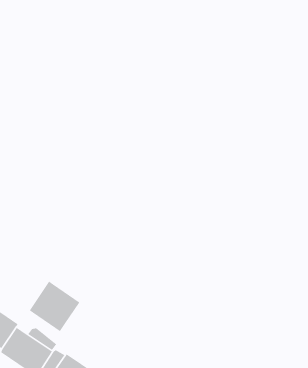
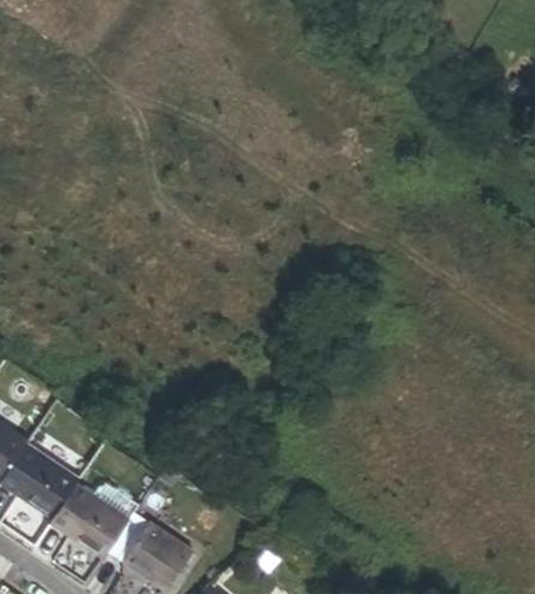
building: [29,280,80,332] -> none

